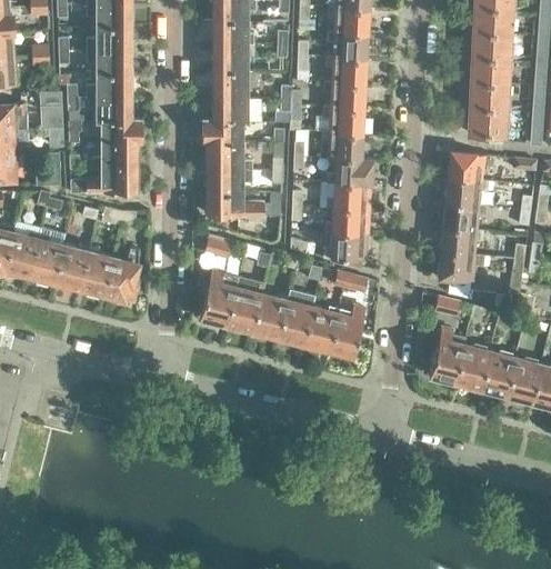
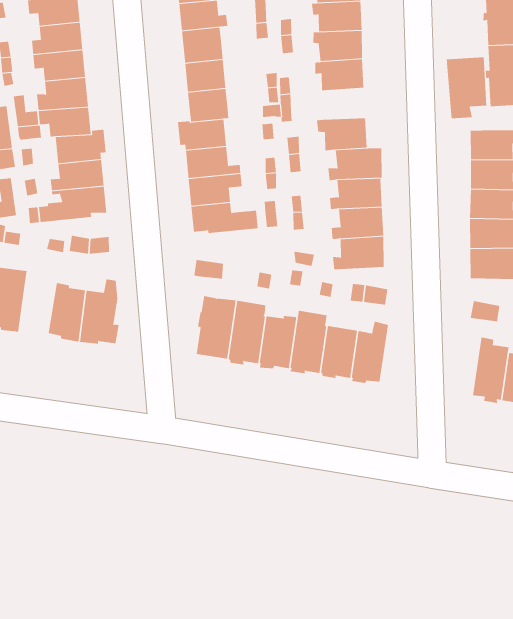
building: none -> [446,57,487,119]
building: [322,106,364,132] -> none
building: [52,242,88,289] -> none

